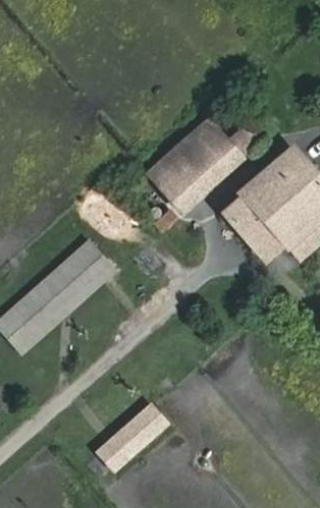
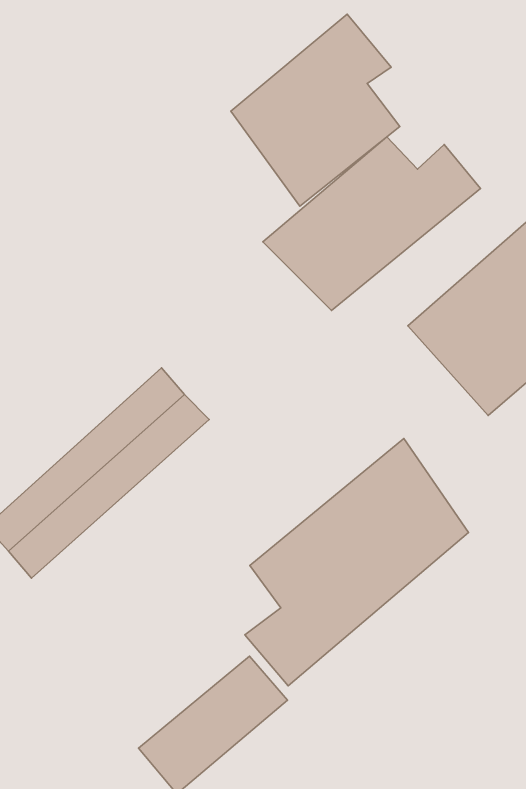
building: none -> [231,14,400,206]
building: none -> [245,438,468,686]

